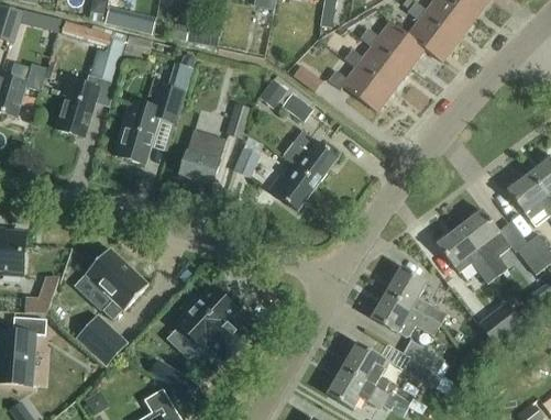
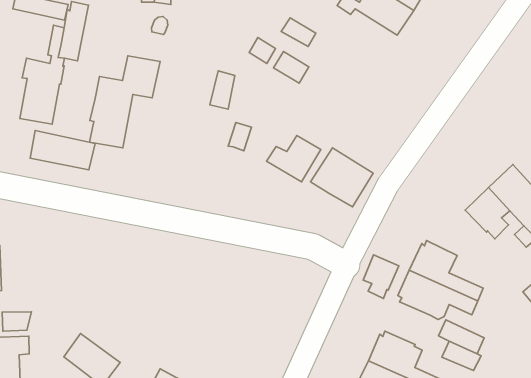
building: [327,63,393,110] -> none
building: [179,129,225,184] -> none
building: [283,129,338,181] -> [311,148,373,207]
building: none -> [30,130,95,170]
building: [75,248,147,320] -> none
building: none -> [363,255,399,298]
building: [168,284,249,364] -> none

